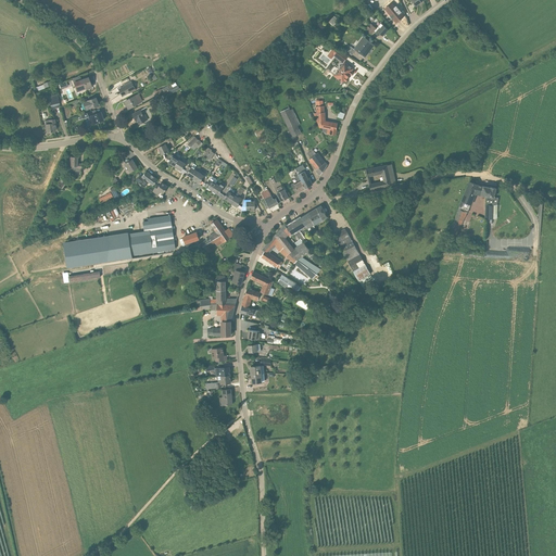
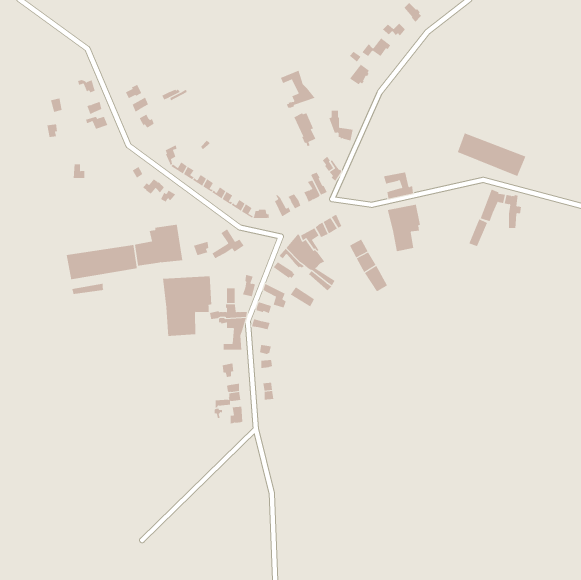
building: none -> [280,70,316,108]
building: none -> [457,133,526,177]
building: none -> [387,204,420,252]
building: none -> [163,275,212,337]

